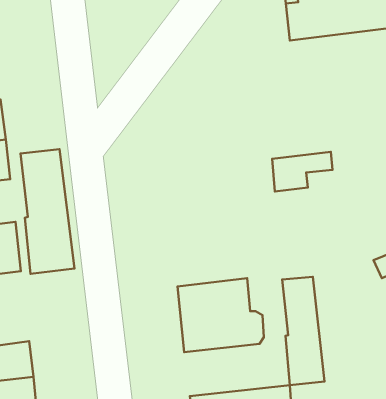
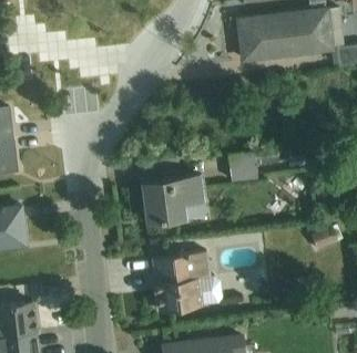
building: [20,149,74,274] -> none
building: none -> [143,175,207,221]
building: [282,277,324,385] -> none

